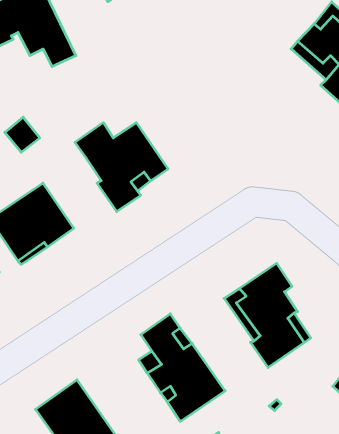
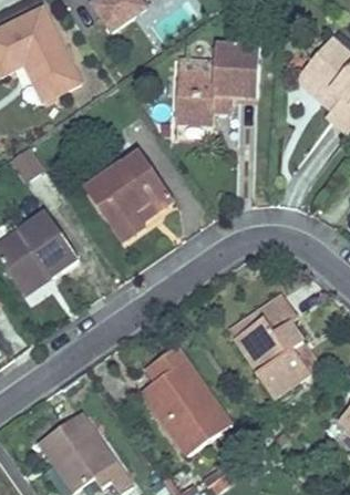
building: none -> [175,43,259,123]

